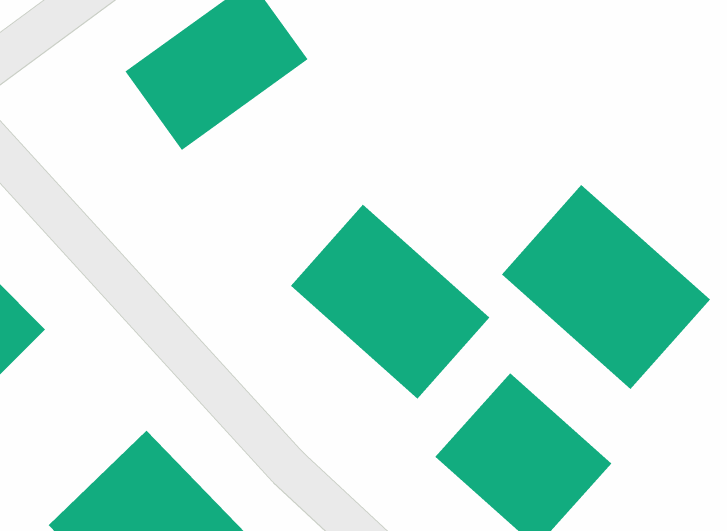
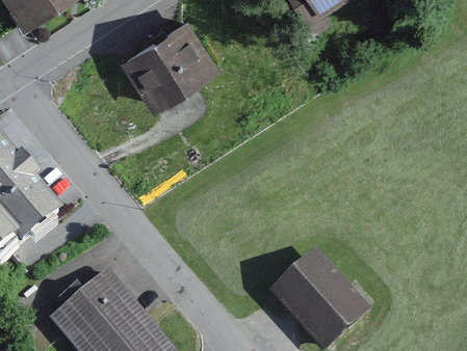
building: [501,184,711,390] -> none
building: [290,204,490,399] -> none

